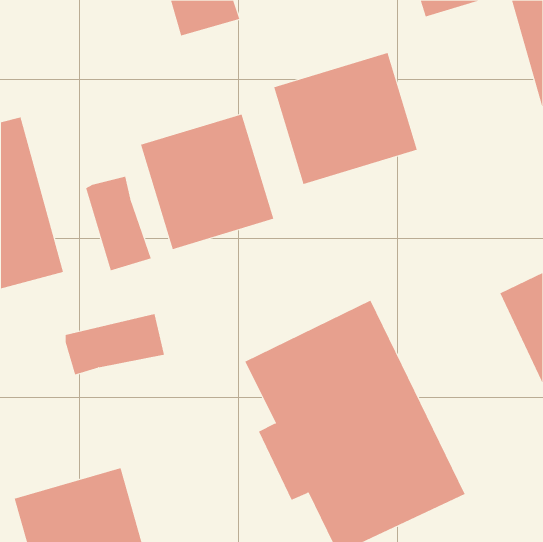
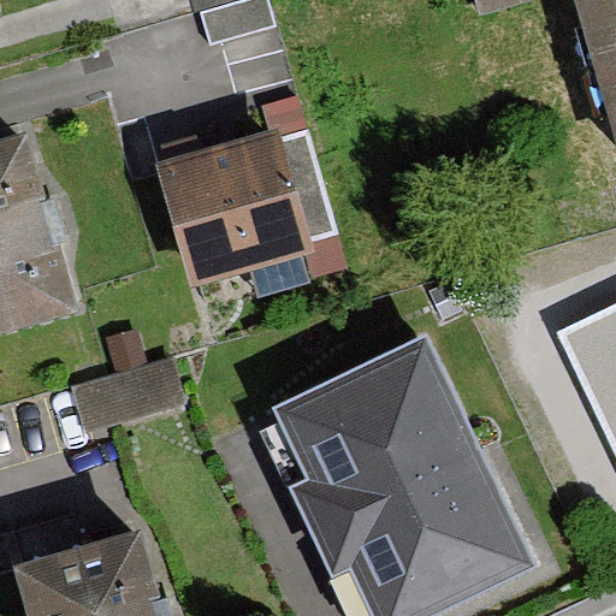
building: [273,52,417,185] -> none
building: [86,176,151,271] -> none

